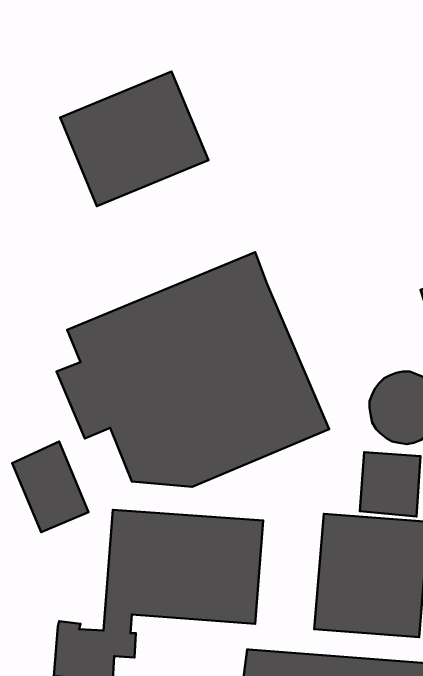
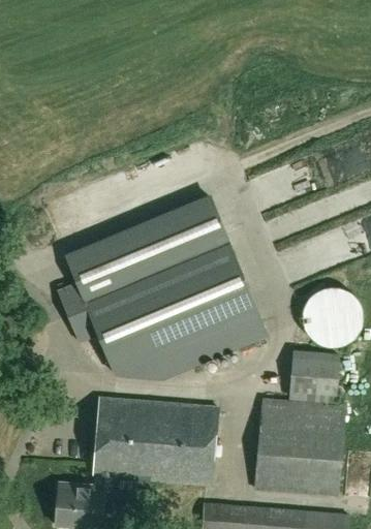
building: [60,72,208,206] -> none
building: [12,441,88,532] -> none

